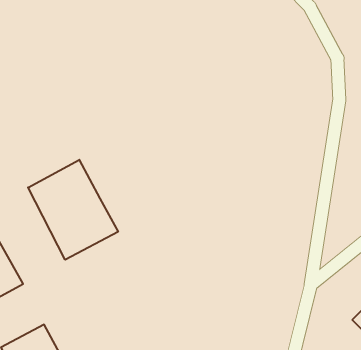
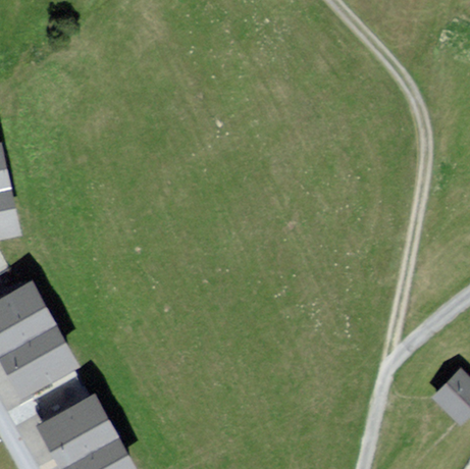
building: [28,160,118,260] -> none

